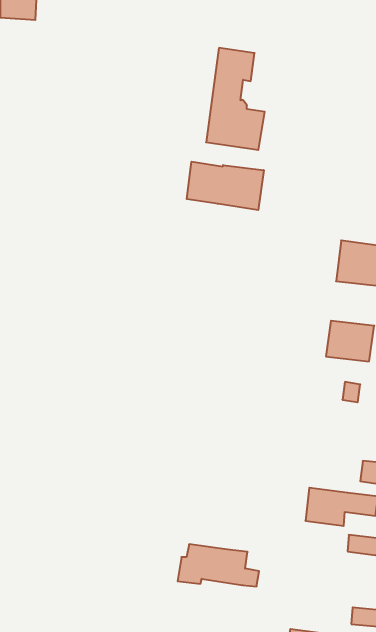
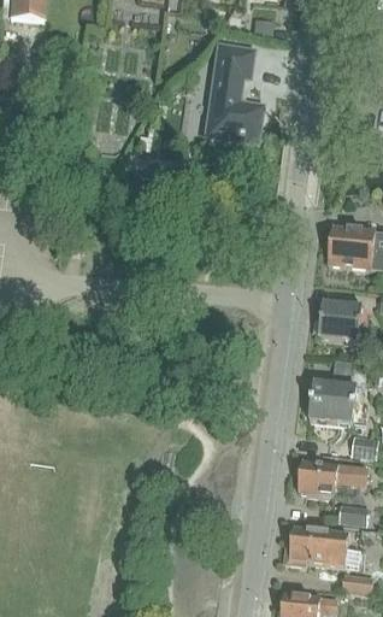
building: [187,162,264,210] -> none
building: none -> [310,383,358,425]
building: [178,544,259,586] -> [283,529,360,569]

